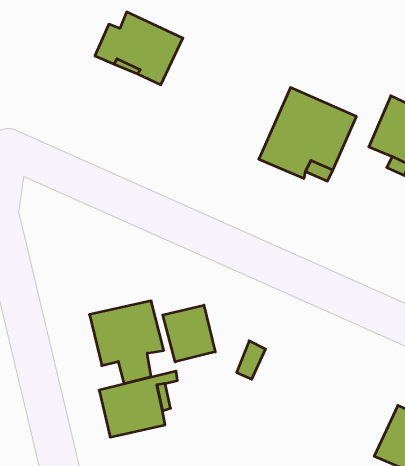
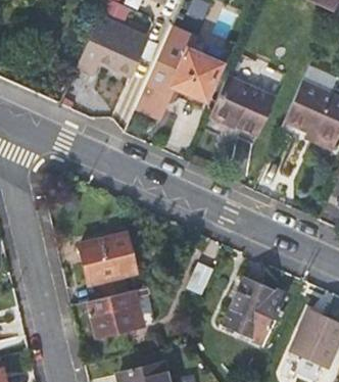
building: none -> [137,27,221,122]
building: [163,305,215,362] -> none
building: none -> [224,277,286,343]

